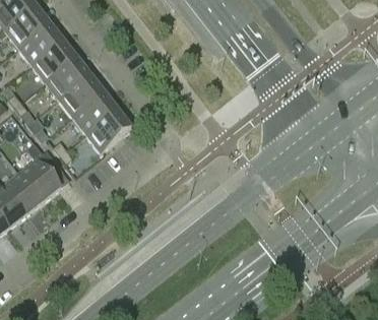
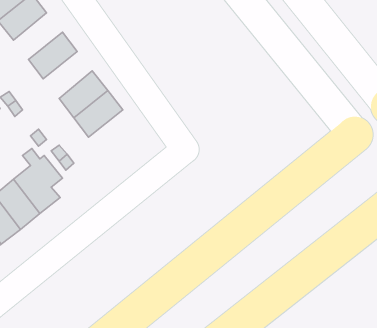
building: [18,21,62,63] -> none
building: [45,56,88,98] -> none
building: [85,108,130,149] -> none

